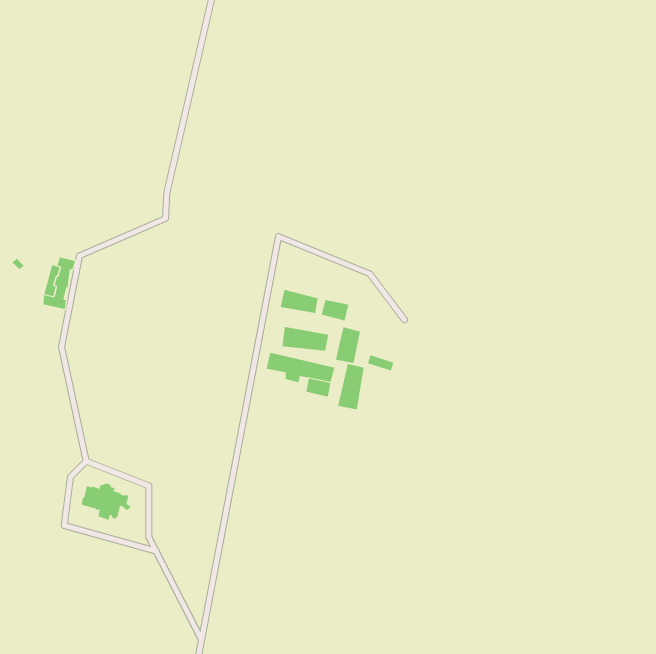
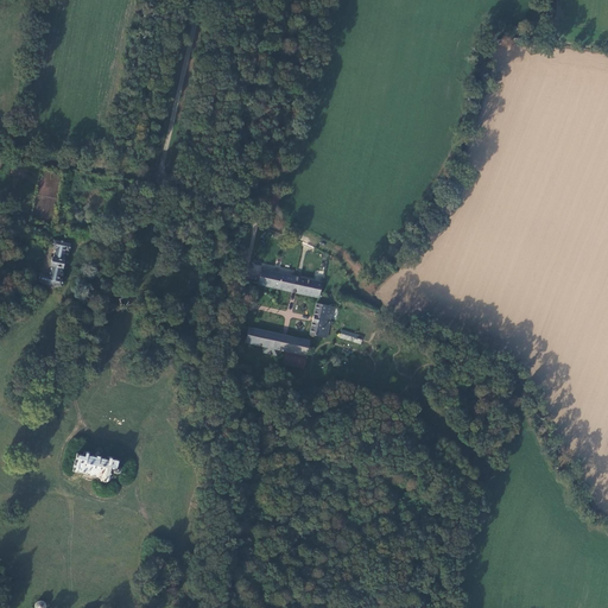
building: [282,326,329,351] -> none
building: [337,363,364,410] -> none

